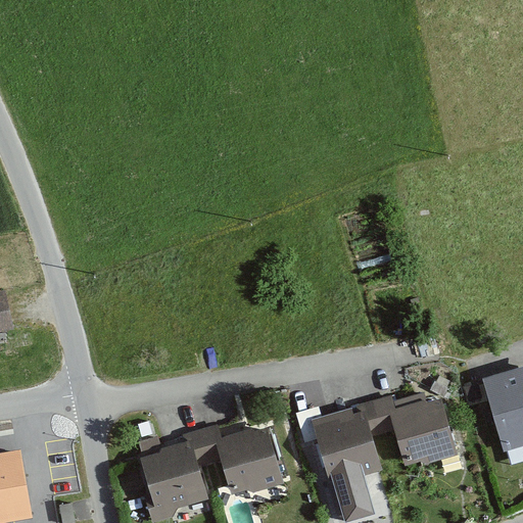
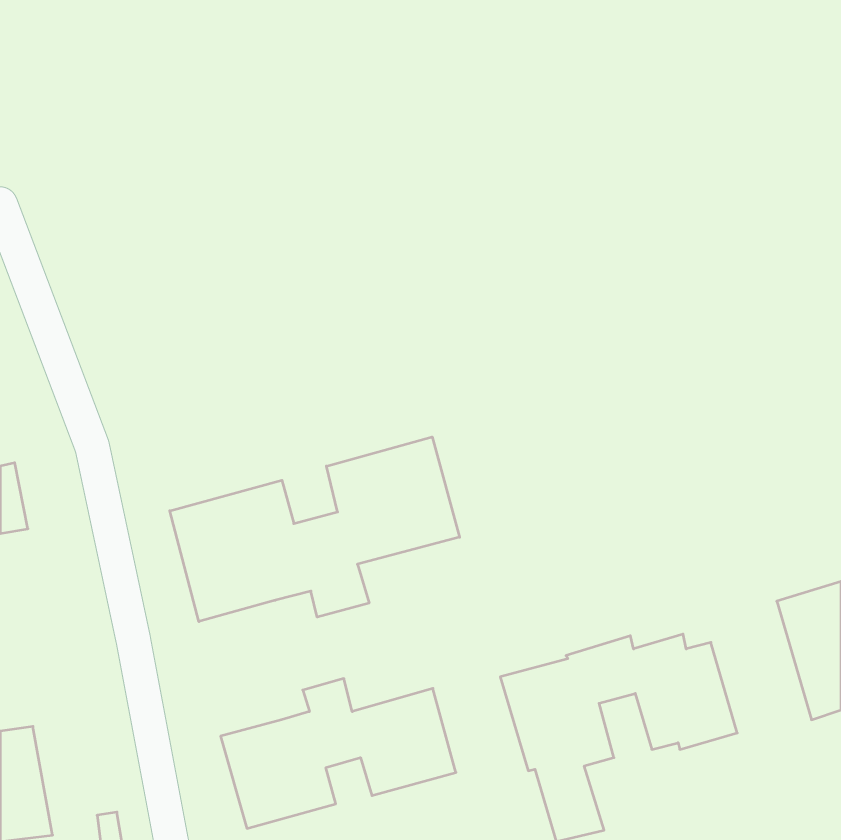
building: none -> [170,437,460,622]

